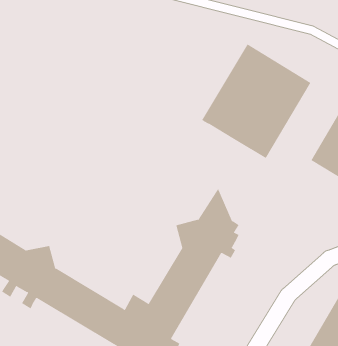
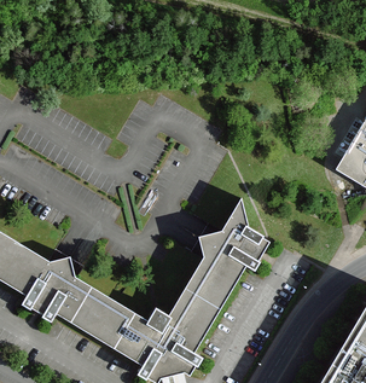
building: [201,44,311,159] -> none

